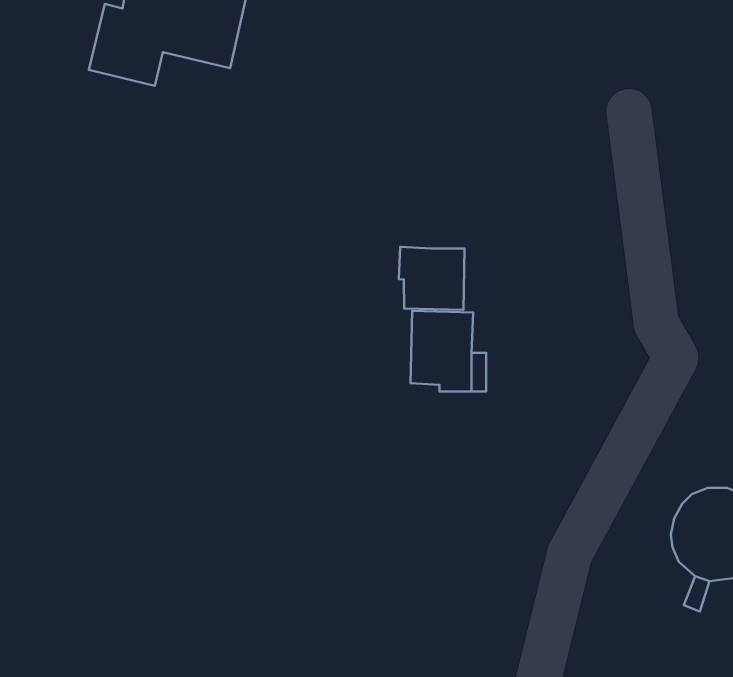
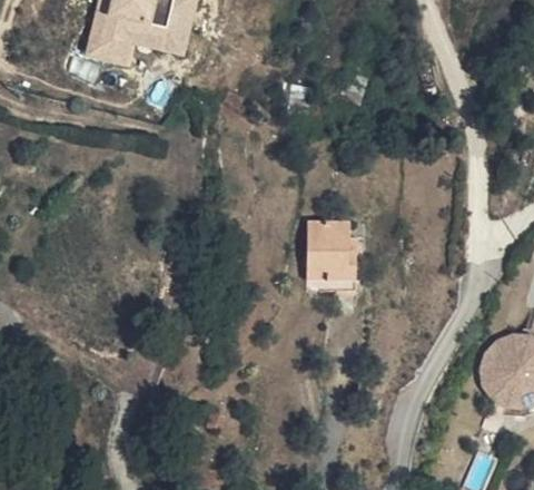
building: [399,247,465,310] -> none

